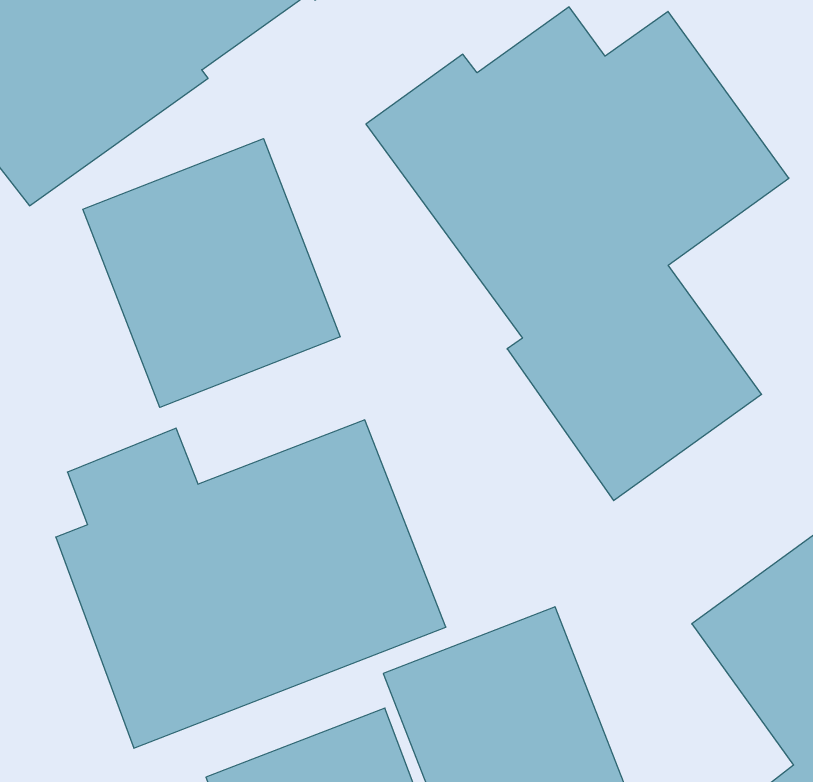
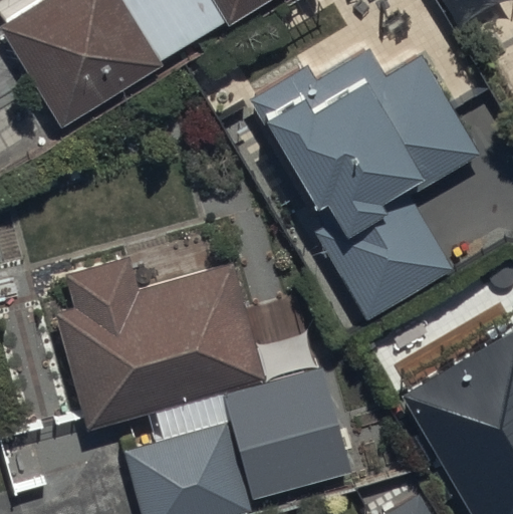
building: [83,139,340,407] -> none

